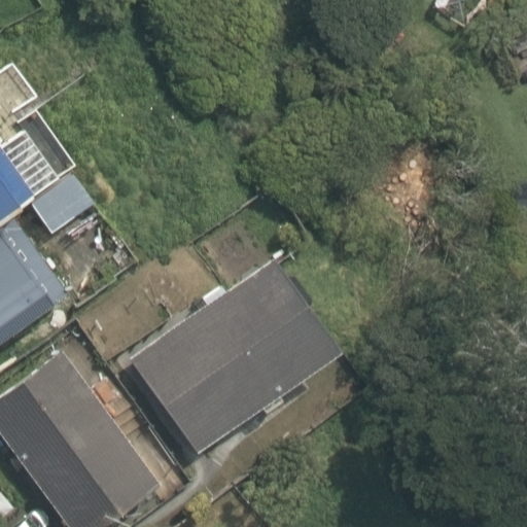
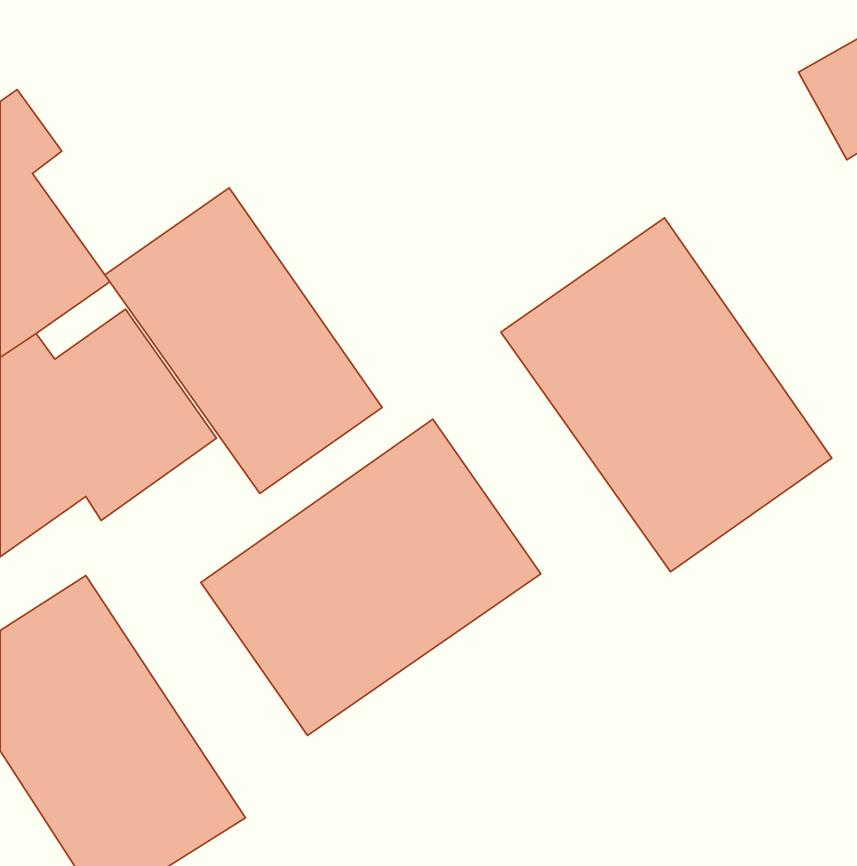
building: none -> [105,188,382,494]
building: none -> [501,218,832,572]

